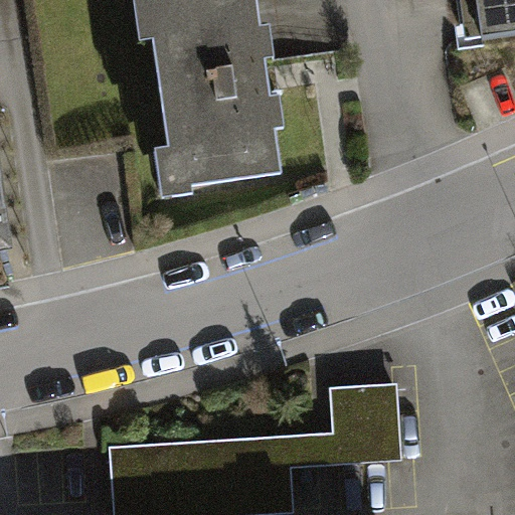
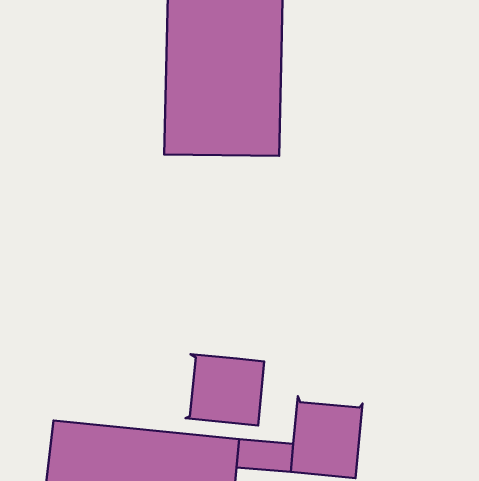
building: none -> [186,354,264,426]

